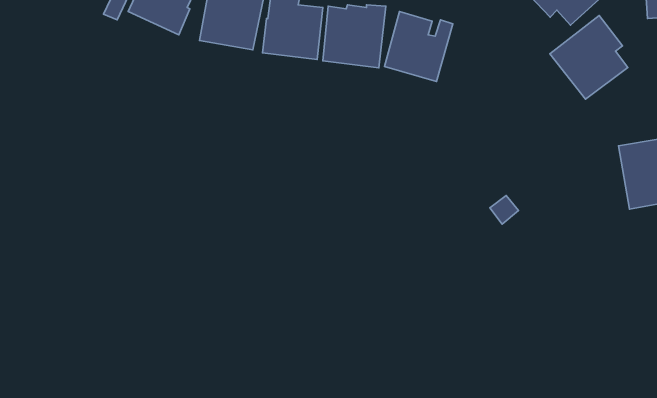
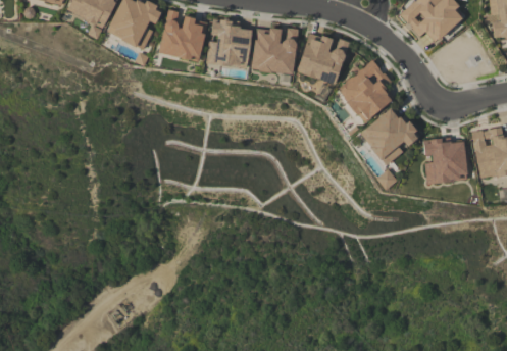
building: [550,15,628,99] -> [337,60,395,122]
building: none -> [359,107,417,166]
building: none -> [422,139,468,185]

